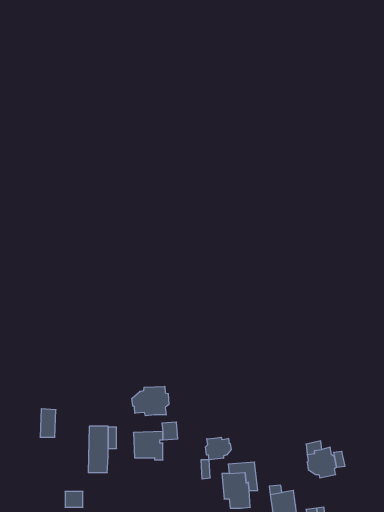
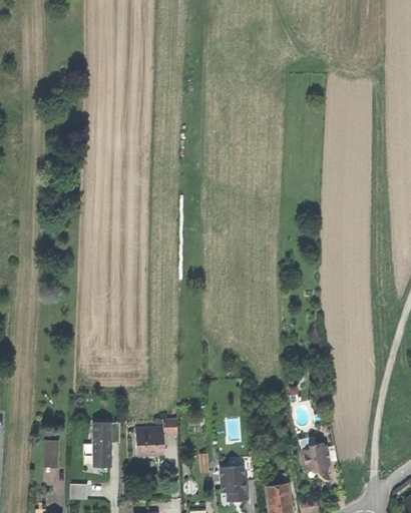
building: [132,386,169,416] -> none
building: [40,409,56,437] -> [43,441,58,468]
building: [206,437,231,460] -> none

